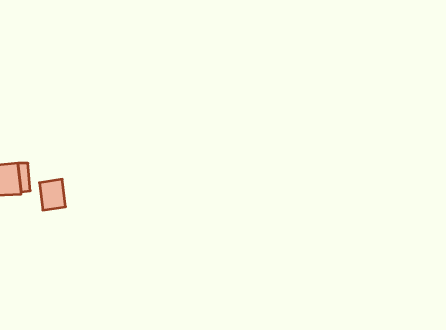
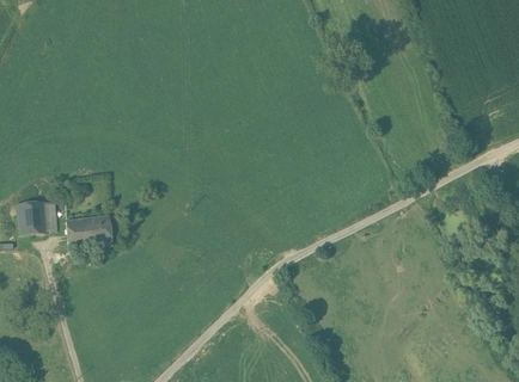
building: none -> [88,215,112,246]

